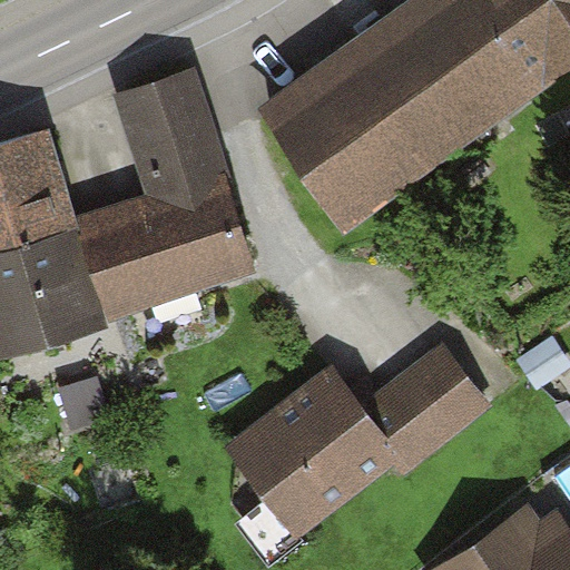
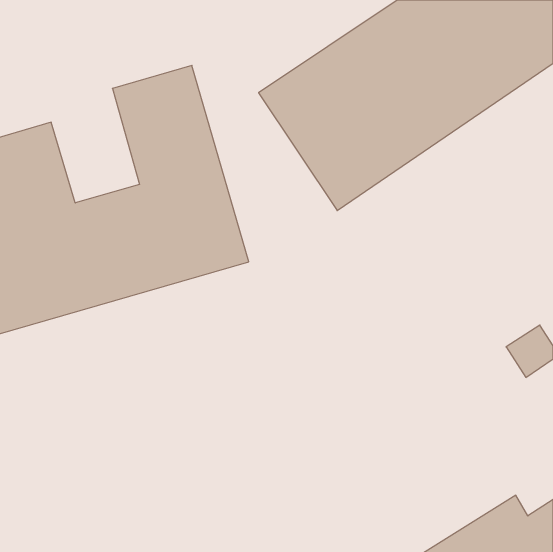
building: [224,354,489,534] -> none

